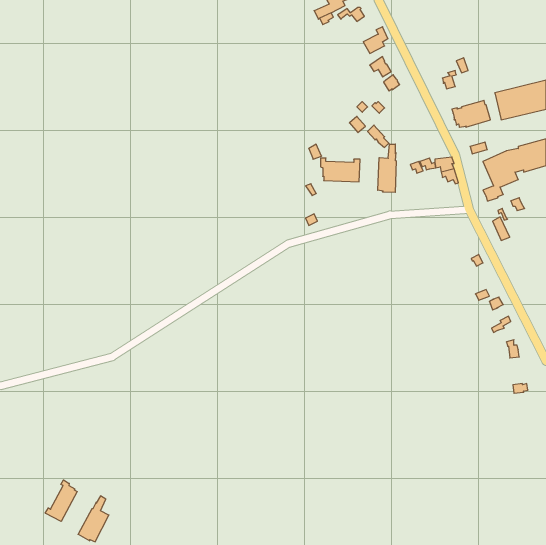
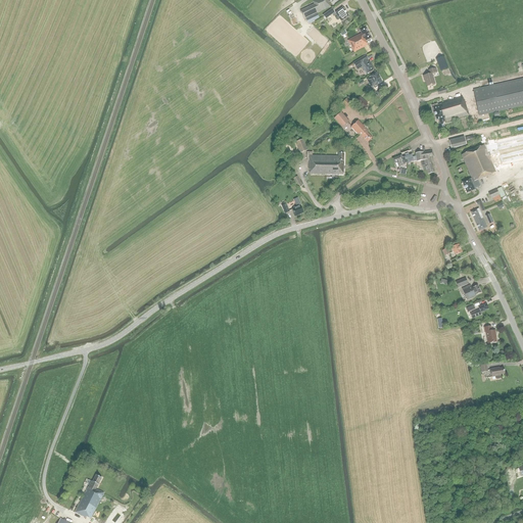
building: [378,144,396,192] -> none
building: [45,480,77,521] -> none

